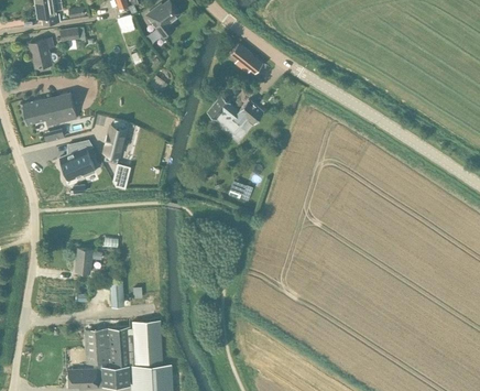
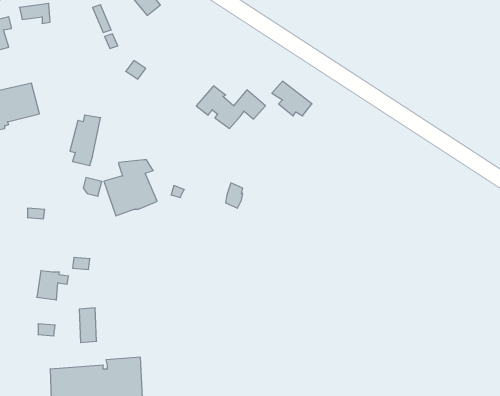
building: [229,44,262,73] -> [272,81,312,116]
building: [54,142,98,188] -> [104,160,157,216]

